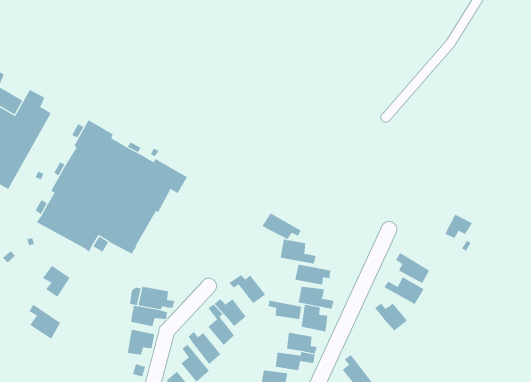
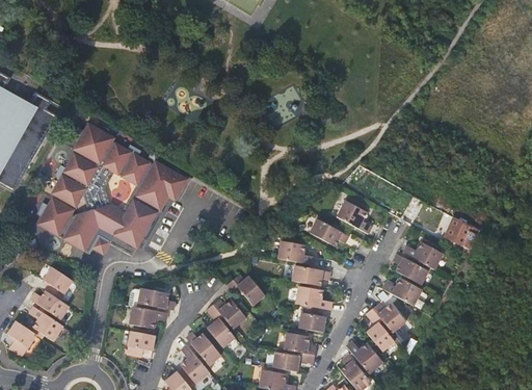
building: none -> [337,201,372,234]
building: [262,213,301,240] -> [308,219,347,246]
building: none -> [402,242,442,270]
building: none -> [30,289,68,317]
building: [268,300,302,320] -> none
building: none -> [366,309,394,350]
building: none -> [7,320,35,355]
building: none -> [346,341,382,373]

